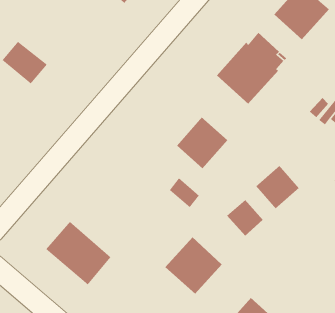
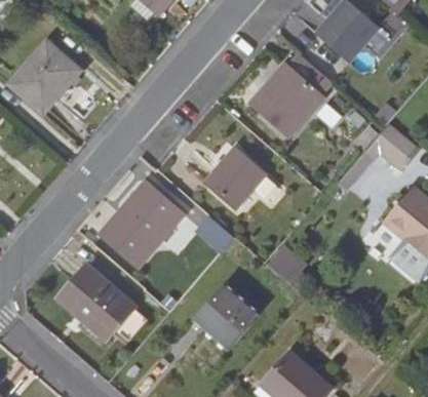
building: none -> [27,42,78,90]
building: none -> [99,182,182,267]
building: [255,165,300,209] -> none

